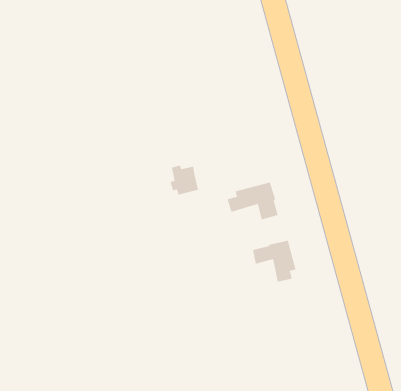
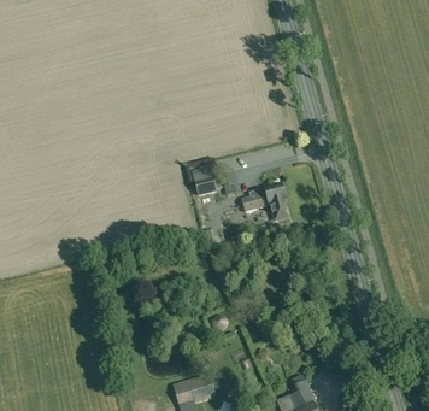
building: [253,240,296,283] -> none

